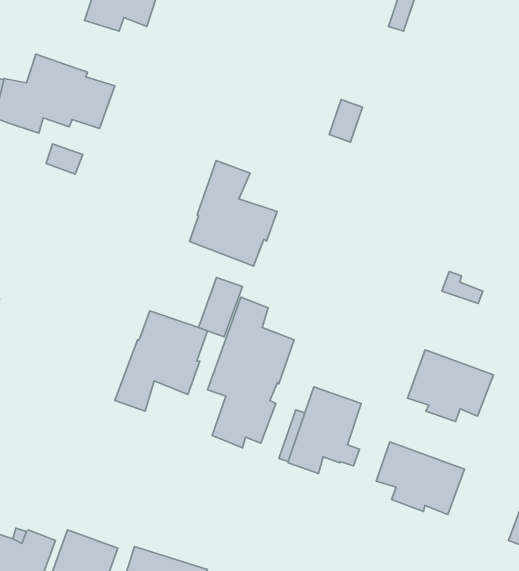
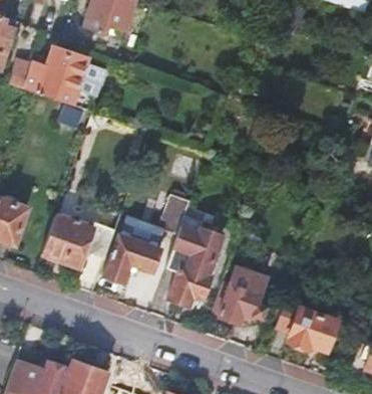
building: [189,160,277,266] -> none
building: none -> [42,215,115,268]
building: [407,350,493,422] -> none

